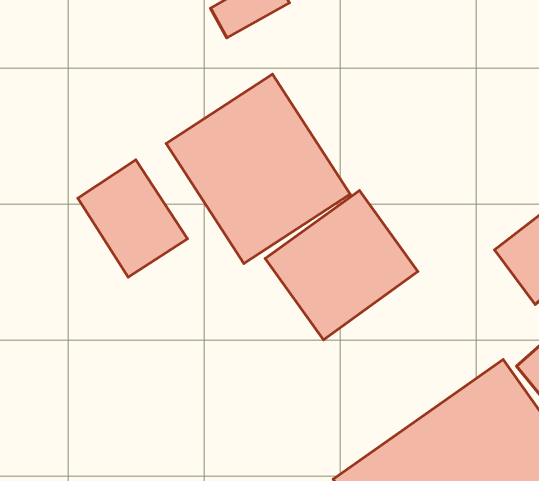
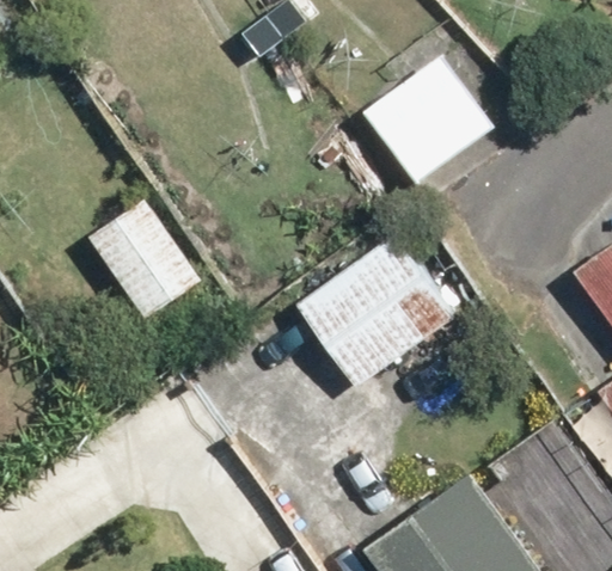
building: none -> [368,51,501,182]
building: [166,74,350,263] -> none

